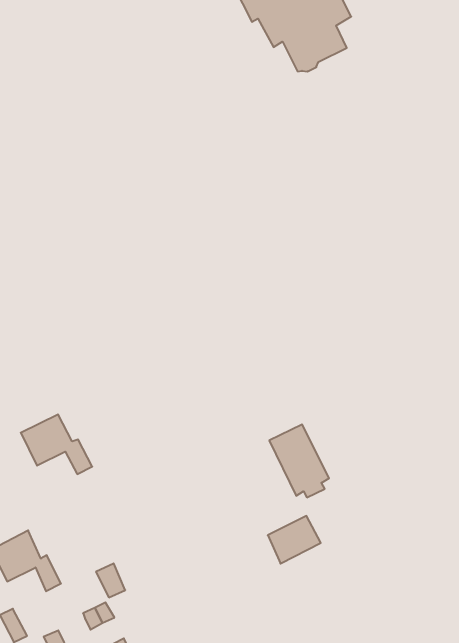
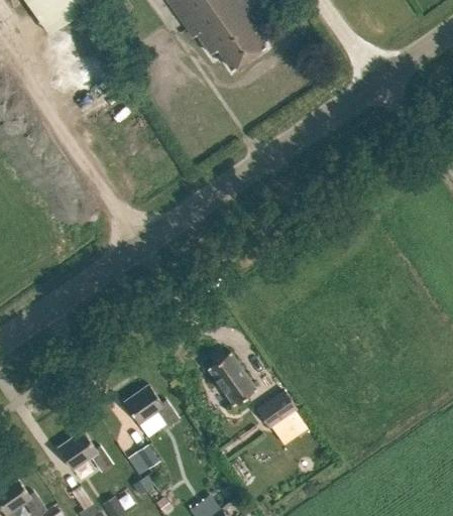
building: [21,414,92,474] -> [123,385,179,426]
building: [269,424,329,497] -> [208,353,255,405]

